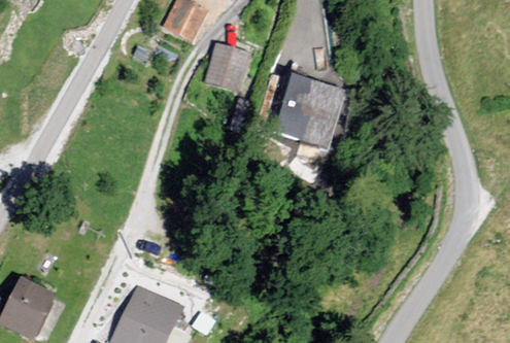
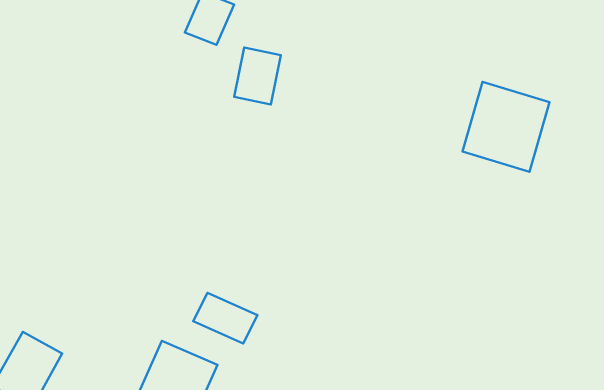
building: [279,73,350,146] -> [462,82,550,172]
building: none -> [193,293,257,343]

